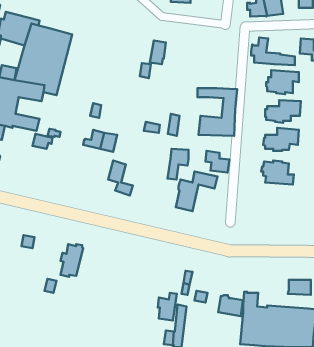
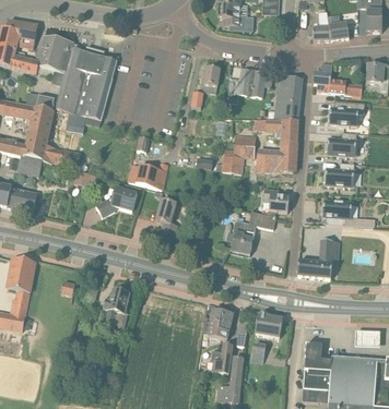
building: none -> [235,68,266,96]
building: none -> [275,75,302,120]
building: none -> [96,185,138,216]
building: [167,149,188,180] -> [232,139,255,172]
building: none -> [297,239,332,278]
building: none -> [203,309,233,345]
building: [218,295,243,316] -> [255,313,282,336]

